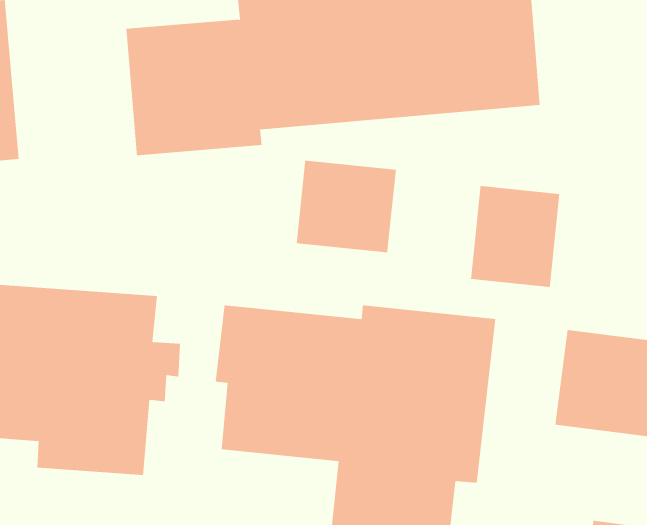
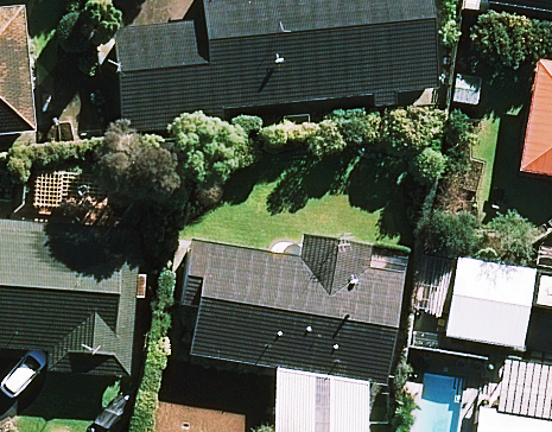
building: [296,160,396,253] -> none
building: [471,185,560,288] -> none

